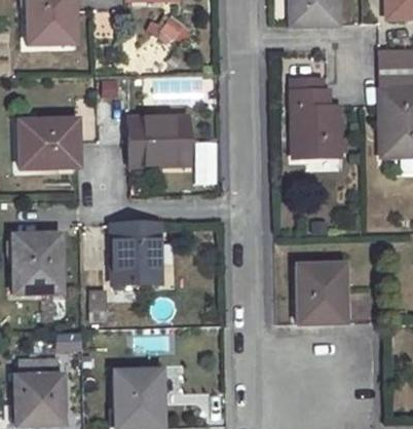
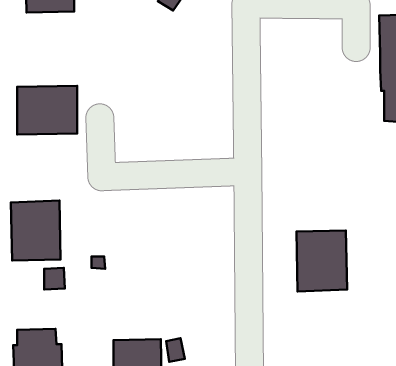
building: [293,78,346,158] -> none
building: [129,118,190,167] -> none
building: [111,224,161,283] -> none

